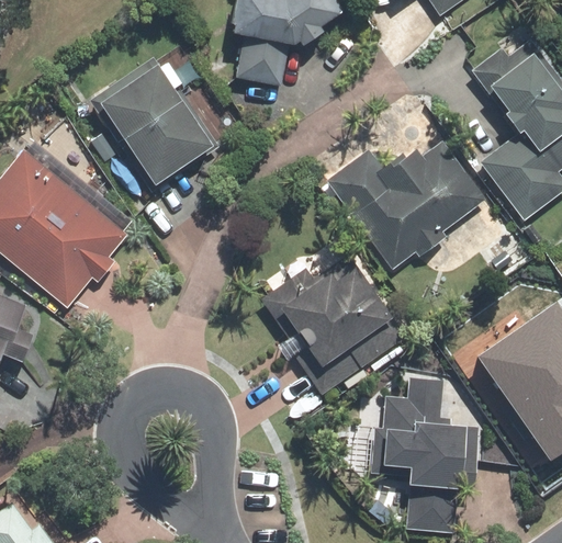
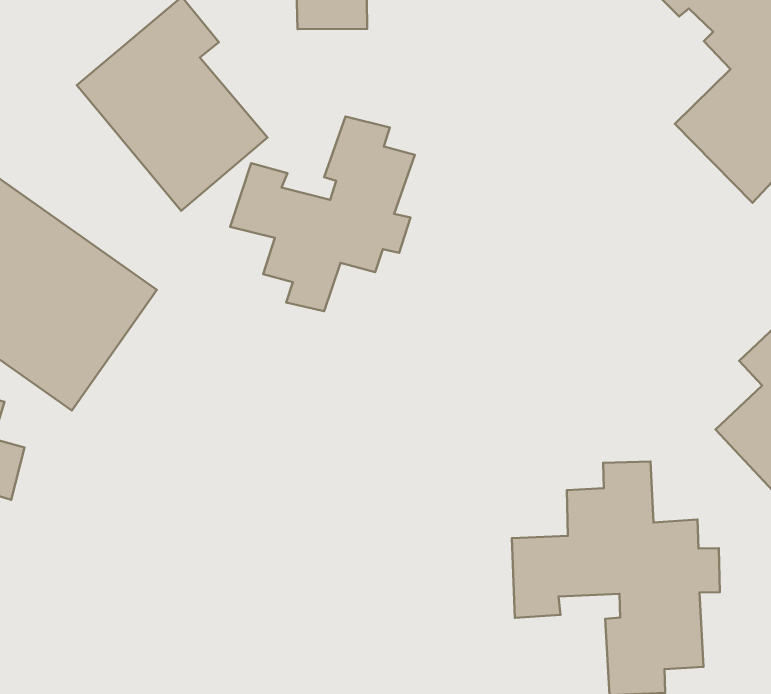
building: none -> [230,117,415,311]
building: [327,144,488,271] -> none
building: [255,241,403,386] -> none

